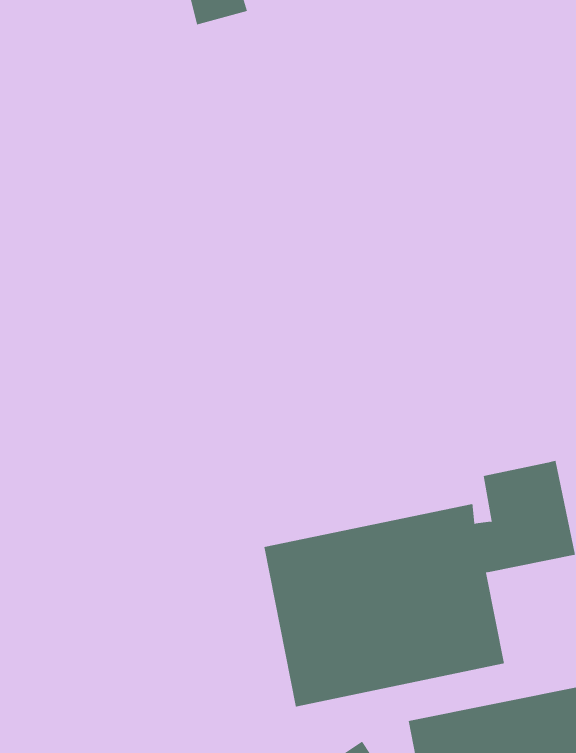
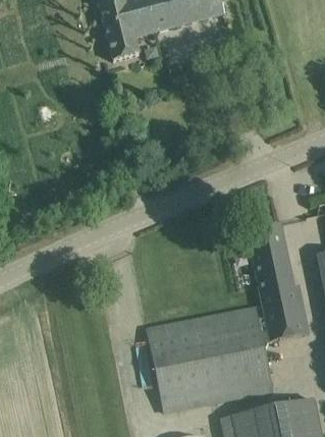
building: none -> [246,223,292,292]

